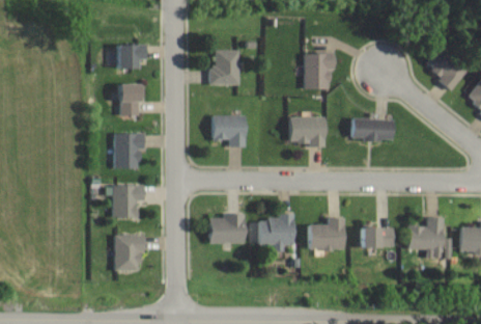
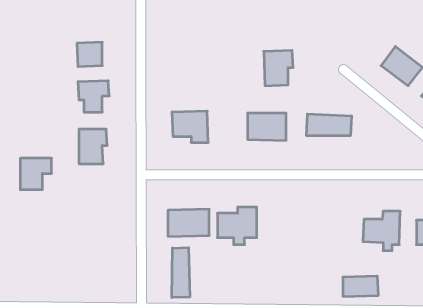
building: [209,49,239,84] -> none
building: [113,185,145,217] -> [20,158,52,190]
building: [308,217,344,249] -> none
building: [358,226,394,247] -> [343,276,378,296]
building: [114,235,145,271] -> none
building: none -> [172,248,190,298]

